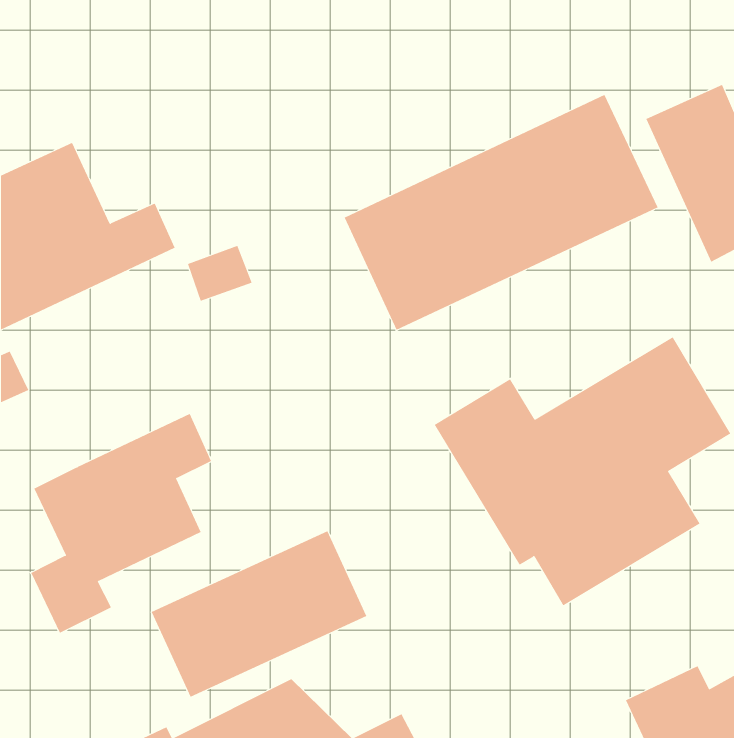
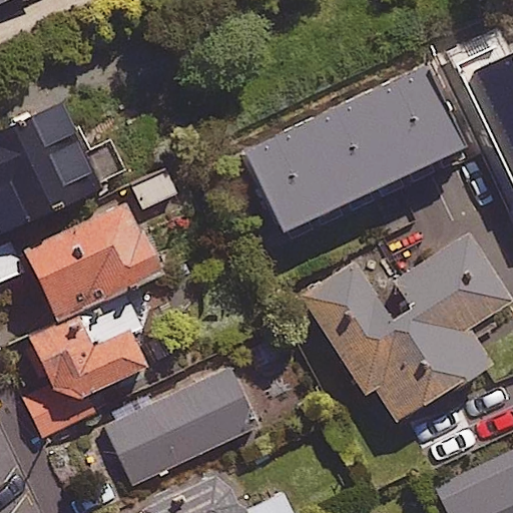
building: none -> [23,203,159,325]

